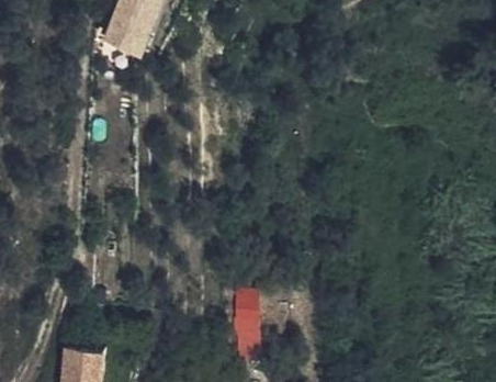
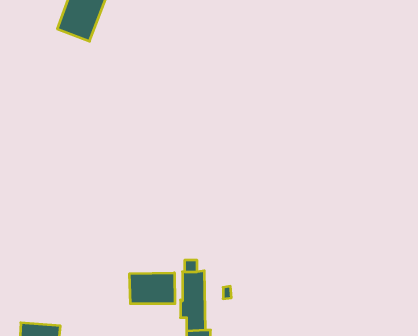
building: none -> [130,273,175,304]

